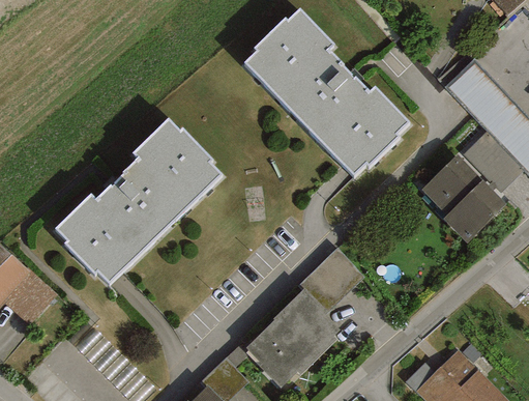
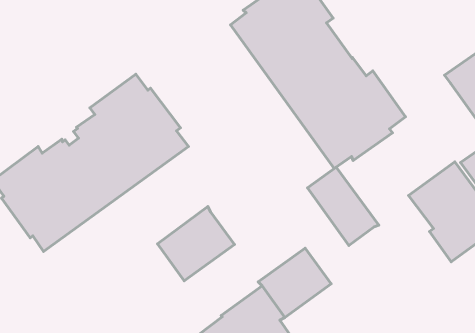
building: none -> [307,167,379,246]
building: none -> [157,206,234,281]

